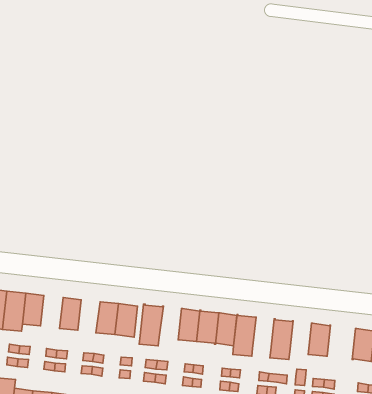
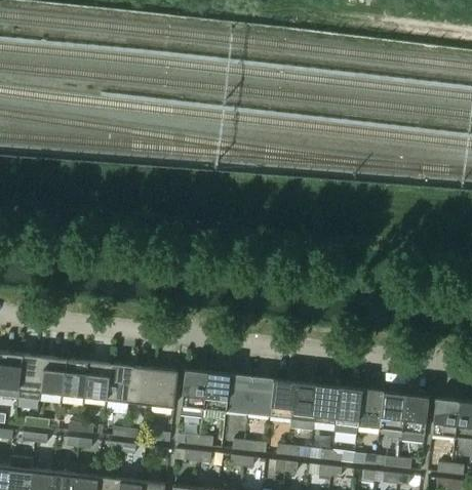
building: none -> [62,359,88,398]
building: none -> [106,364,132,403]
building: none -> [202,371,229,411]
building: none -> [313,384,339,423]
building: none -> [357,389,383,428]
building: none -> [400,394,428,443]

